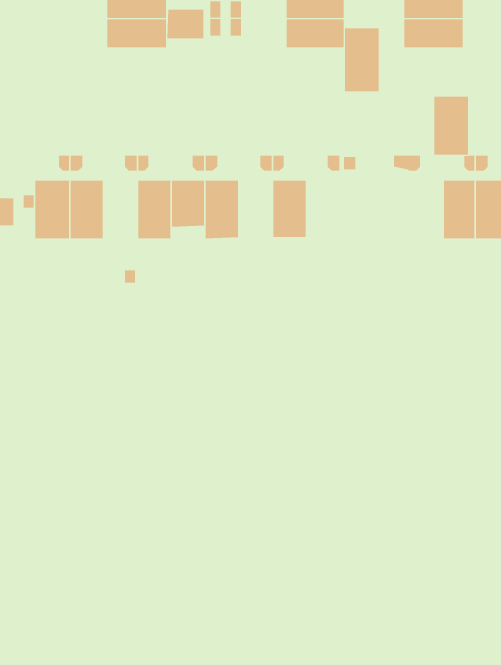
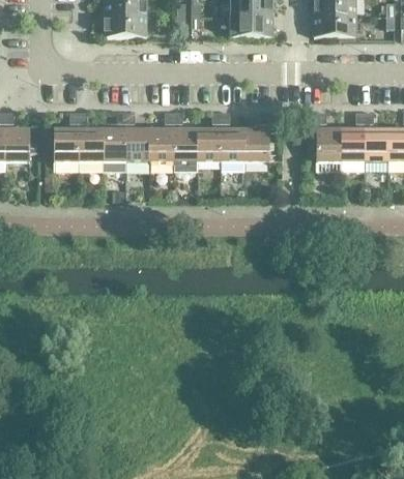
building: [167,9,204,39] -> none
building: [345,28,379,92] -> none
building: [434,96,469,155] -> [316,127,341,169]
building: none -> [102,127,125,169]
building: none -> [197,127,221,159]
building: none -> [244,127,268,159]

